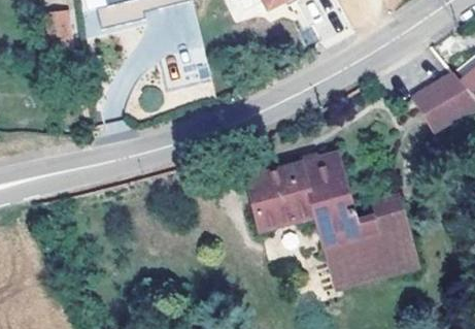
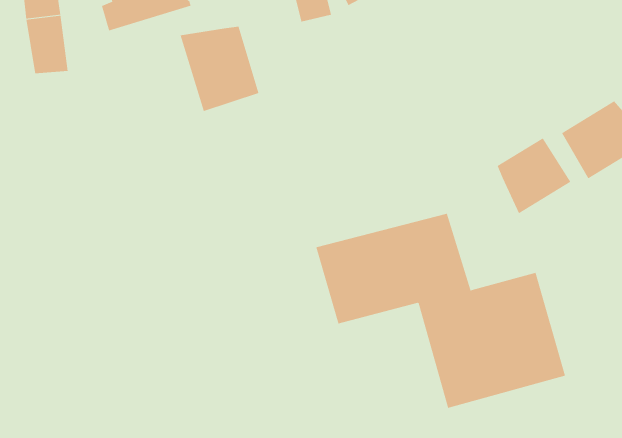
building: none -> [180,26,259,112]
building: none -> [497,138,571,214]

